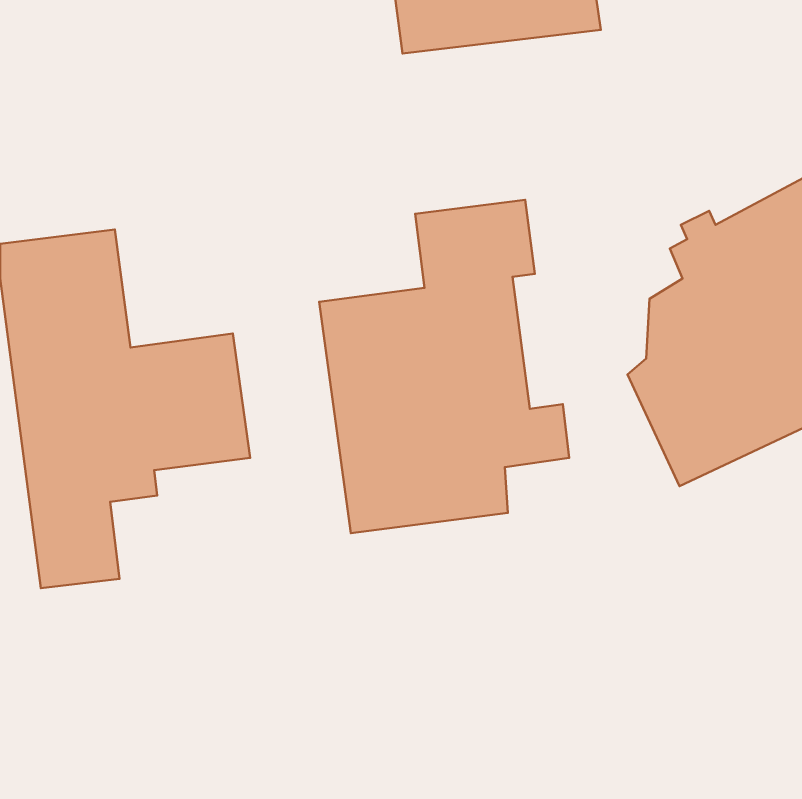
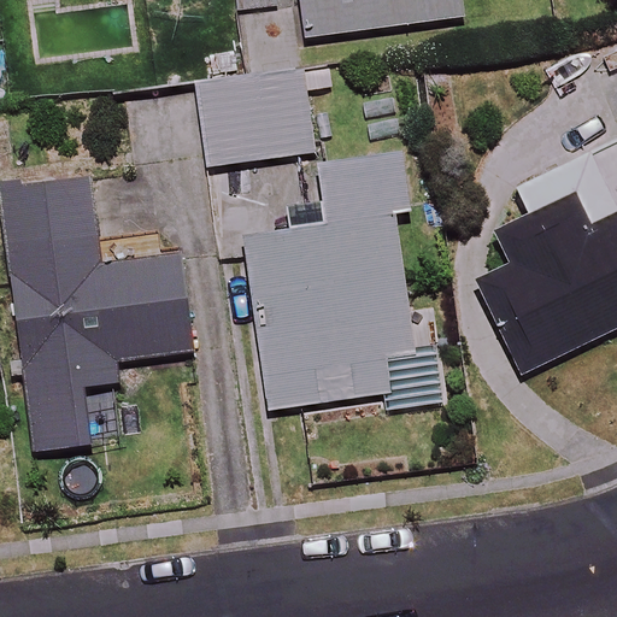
building: none -> [195,52,313,165]

